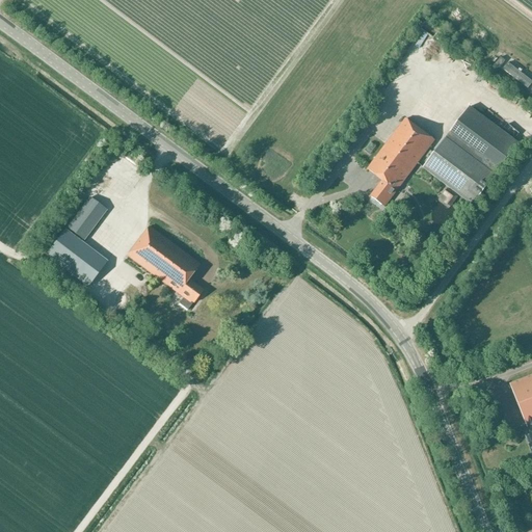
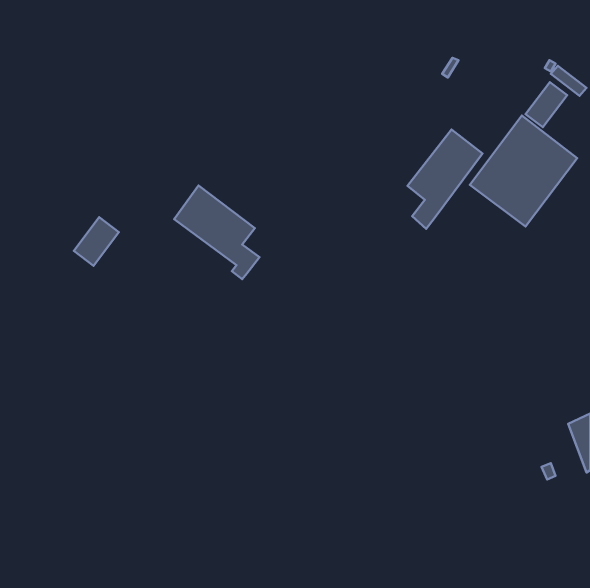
building: none -> [526,82,567,127]
building: [127,224,204,309] -> [174,186,260,279]
building: [46,229,107,286] -> none

